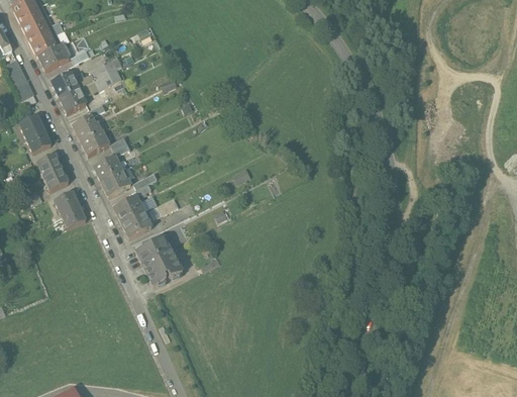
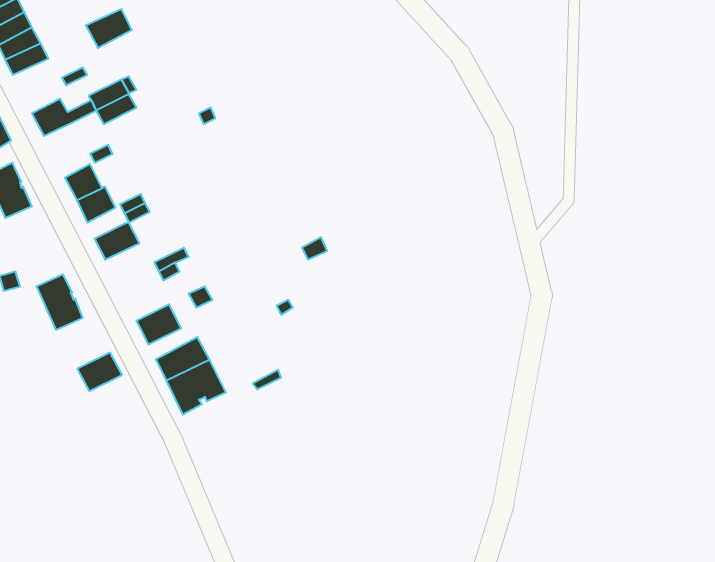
building: [37,43,69,70] -> [86,9,132,48]
building: [59,87,86,112] -> none
building: [36,152,68,190] -> none
building: [100,169,130,195] -> none
building: [113,195,143,221] -> [77,353,122,391]

